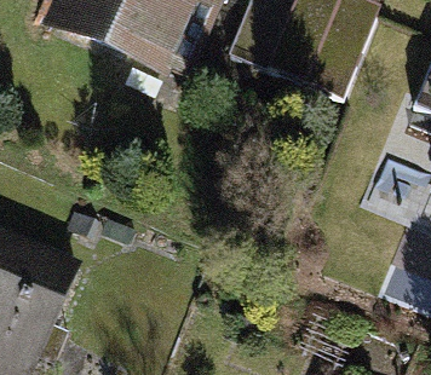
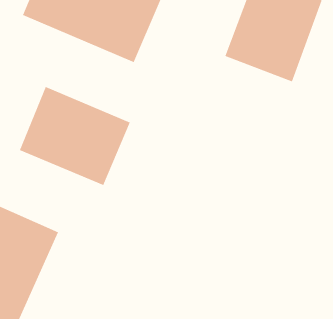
building: none -> [19,86,130,186]

